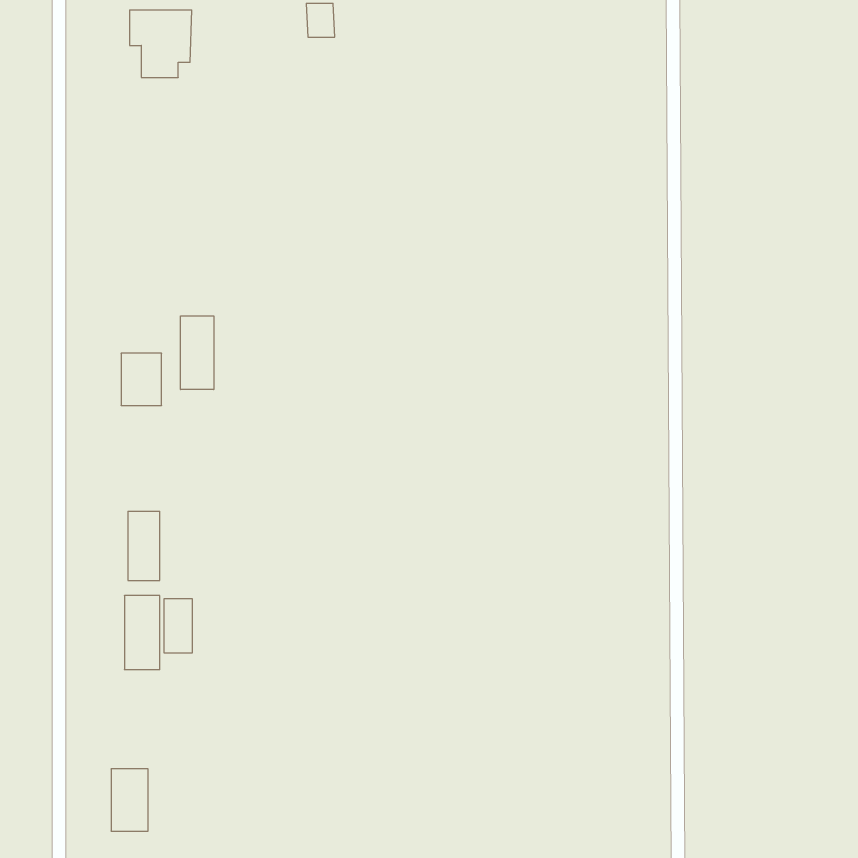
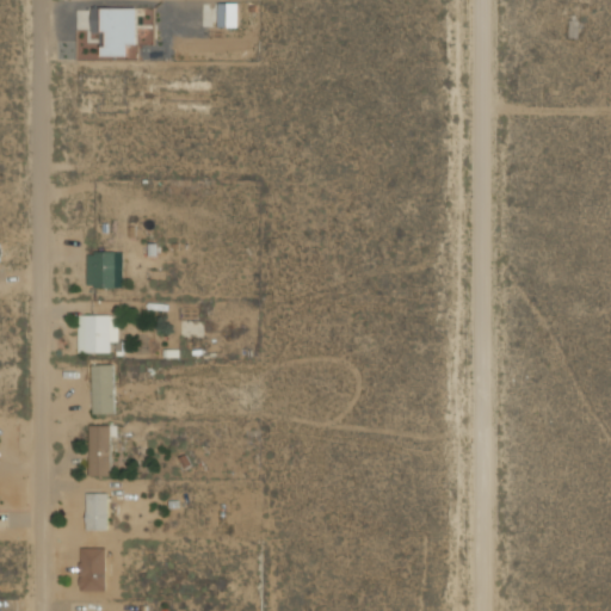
building: [181,316,214,390] -> none
building: none -> [76,315,117,353]
building: [164,599,192,653] -> [86,493,106,531]

